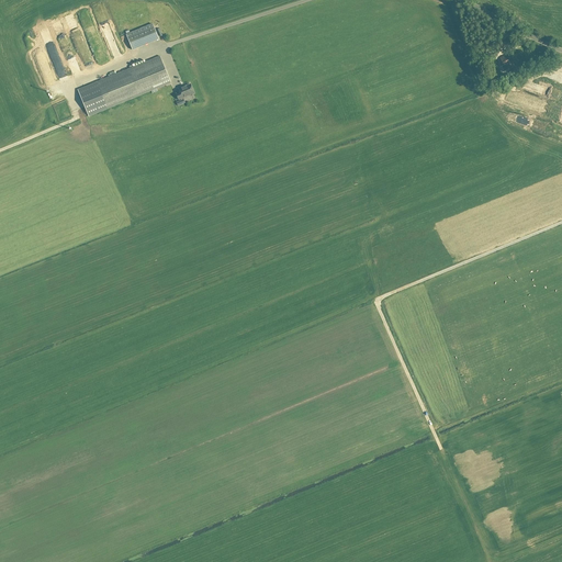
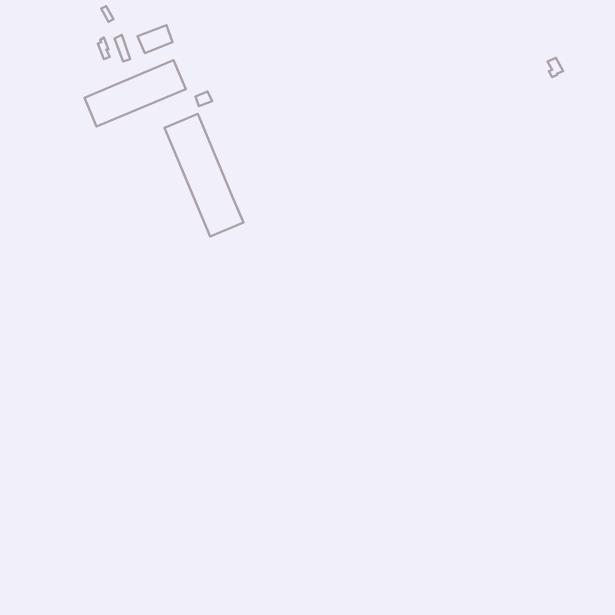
building: none -> [165,114,243,237]

